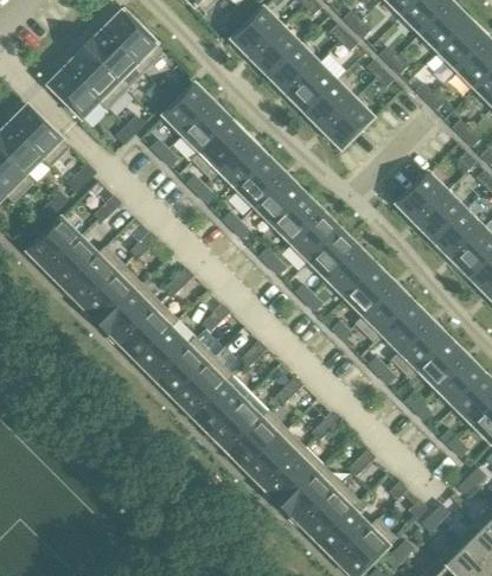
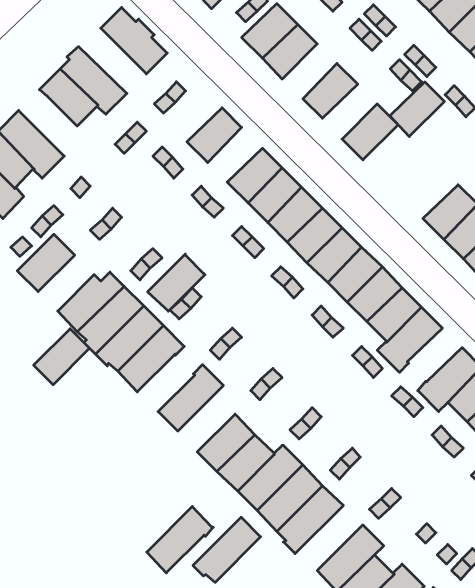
building: [82,30,143,89] -> none
building: [267,44,317,94] -> none
building: [303,81,353,130] -> [390,82,444,137]
building: [161,83,212,133] -> none
building: [190,120,249,179] -> none
building: [45,236,96,287] -> [34,329,90,385]
building: [381,302,430,351] -> none
building: [135,326,187,378] -> [148,254,205,311]
building: [172,354,232,415] -> [147,506,213,573]
building: [279,463,340,523] -> [193,517,261,582]

